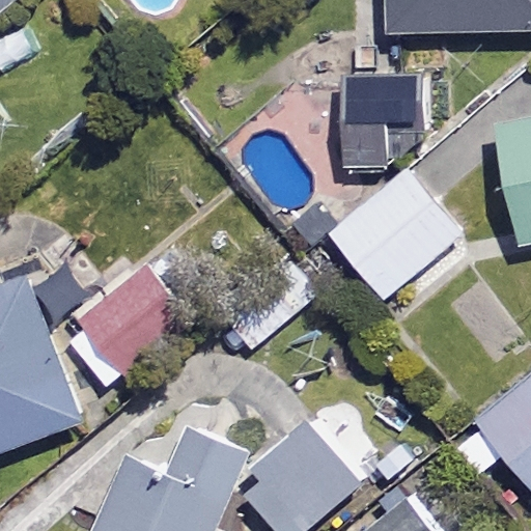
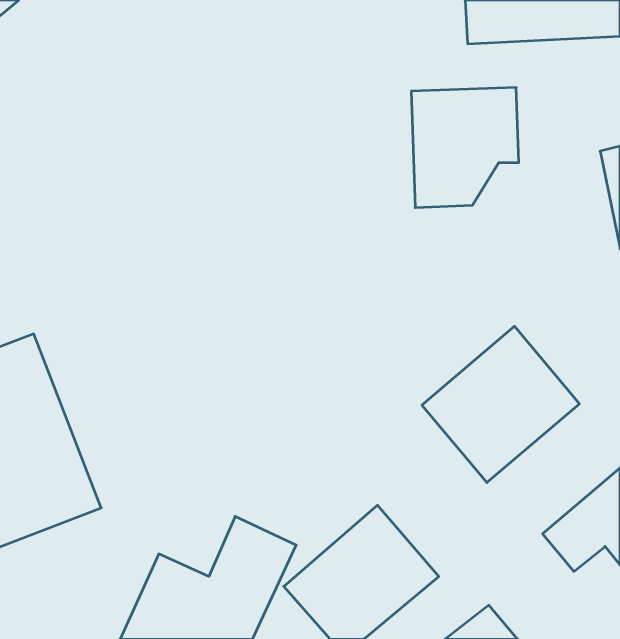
building: [327,169,457,299] -> [422,326,579,483]
building: [62,269,191,386] -> none

